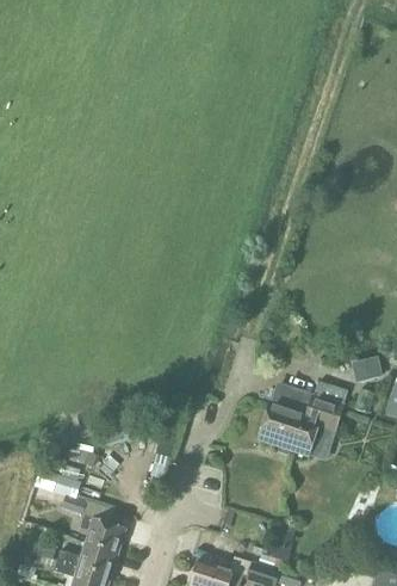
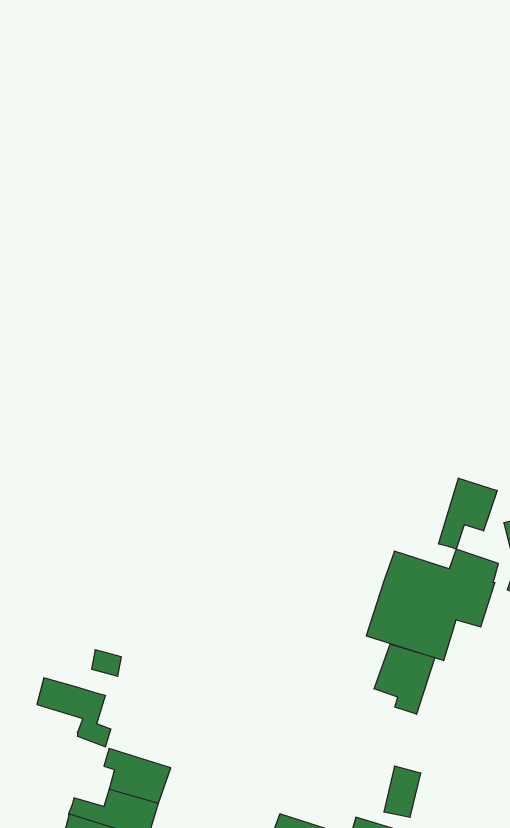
building: none -> [439,478,497,549]
building: none -> [374,644,435,714]

